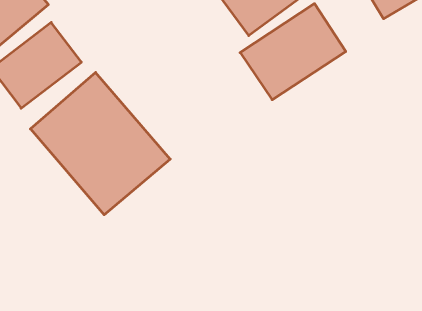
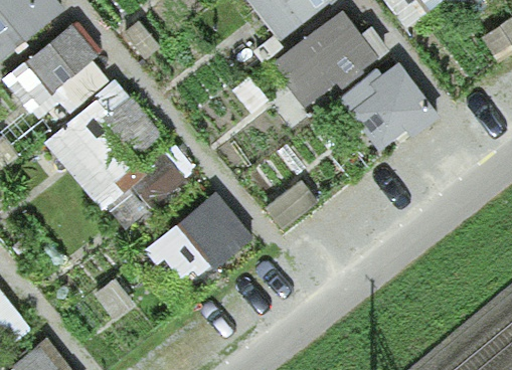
building: none -> [342,61,438,156]
building: none -> [151,193,250,289]

